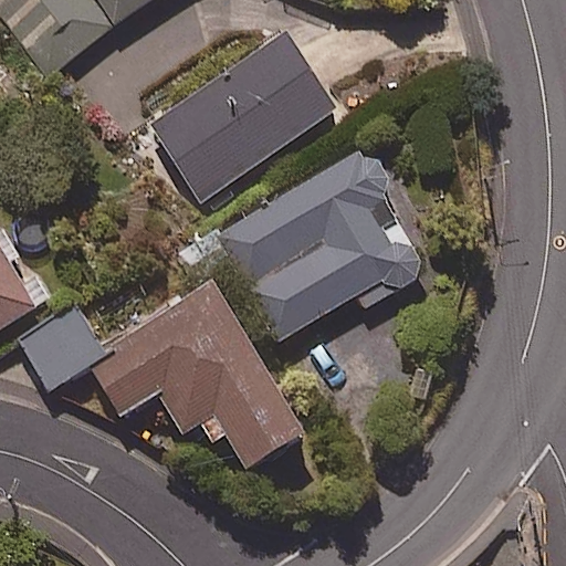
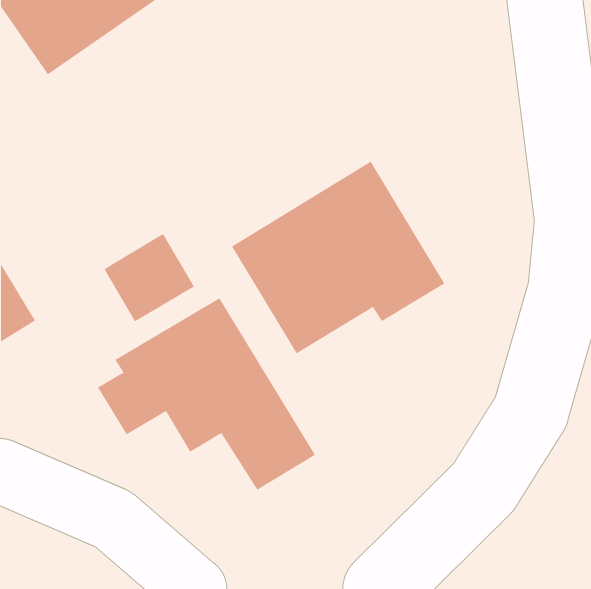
building: [150,33,335,200] -> none
building: [19,305,106,390] -> [103,233,195,322]

